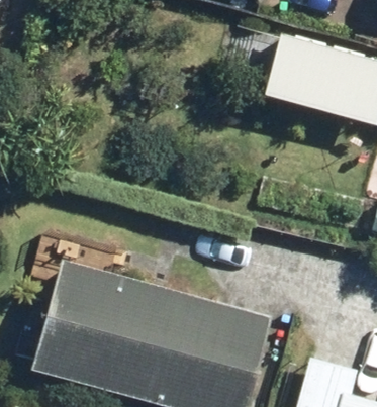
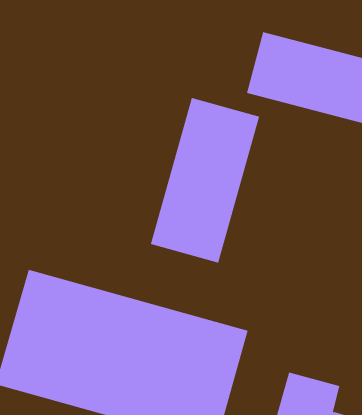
building: none -> [150,97,260,263]

